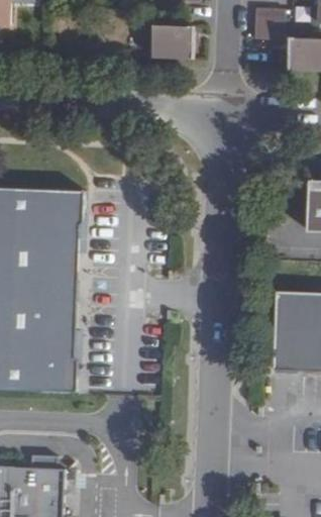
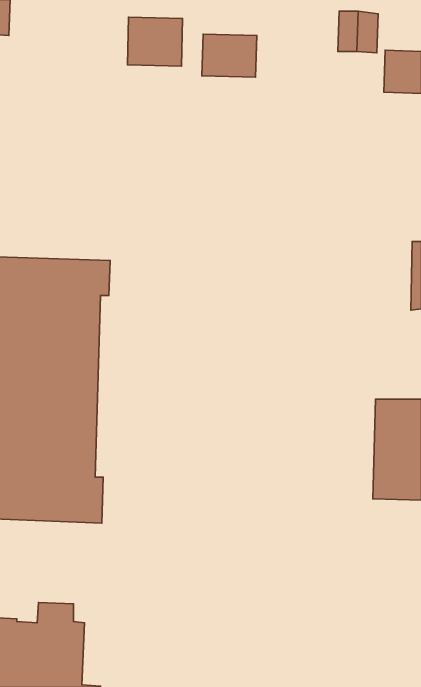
building: none -> [128,17,183,66]

